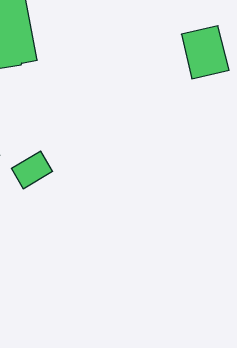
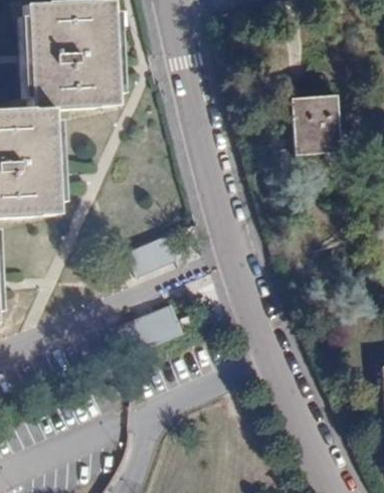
building: [11,151,53,189] -> [128,232,177,275]
building: none -> [125,303,182,349]

